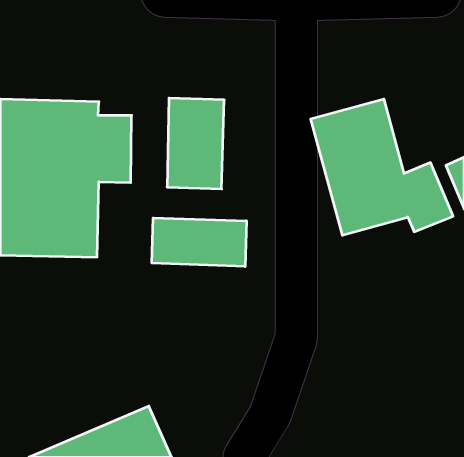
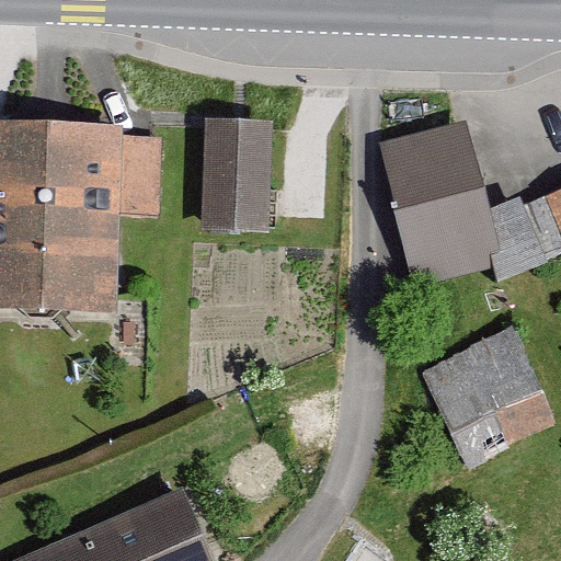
building: [152,218,246,267] -> none
building: none -> [421,330,552,469]

